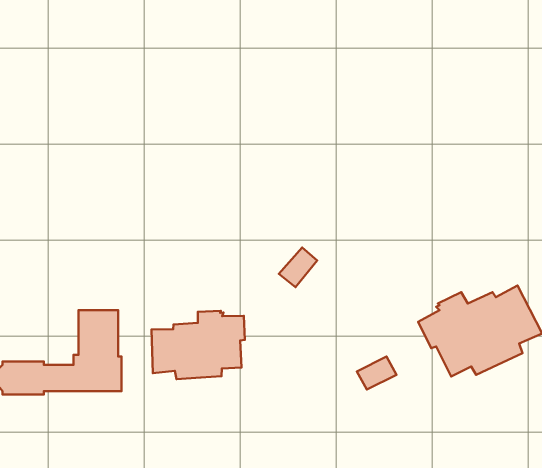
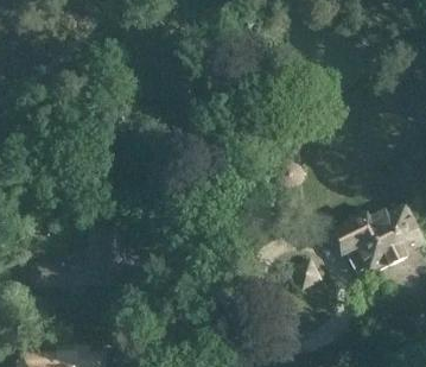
building: [152,311,245,379] -> none

